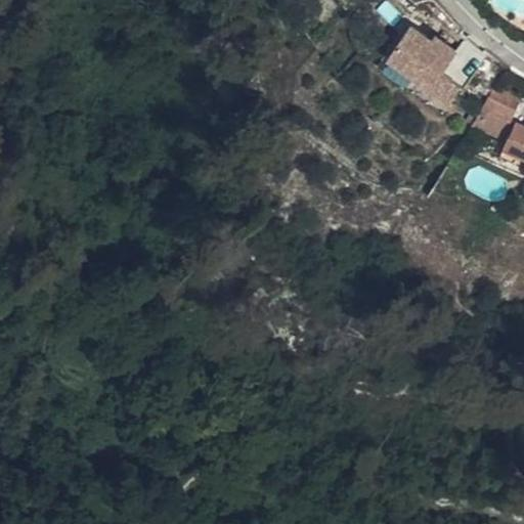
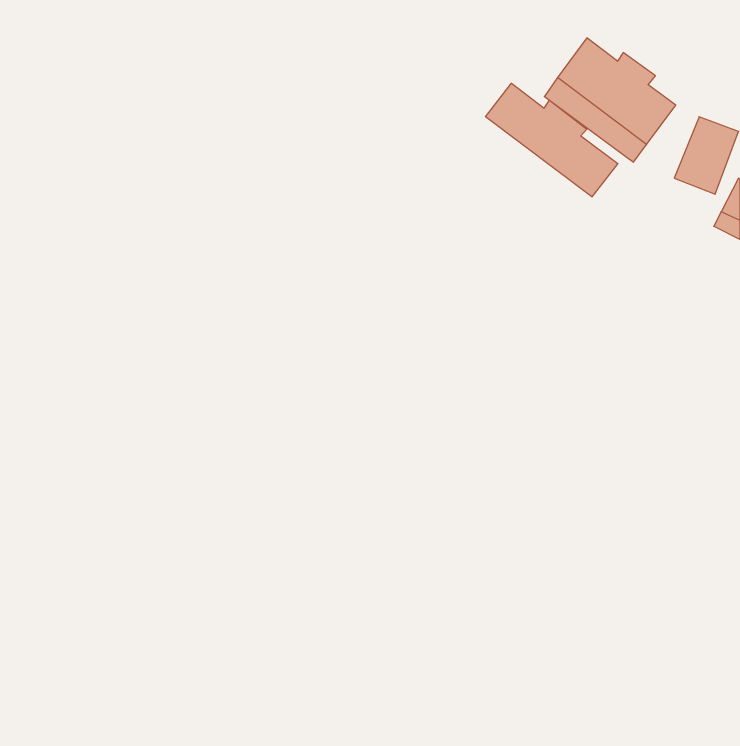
building: none -> [485,83,618,197]

